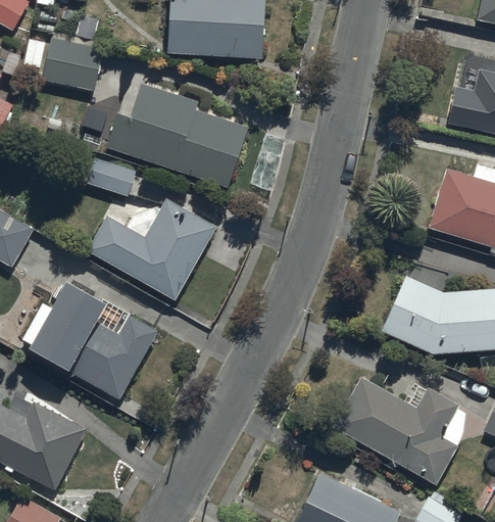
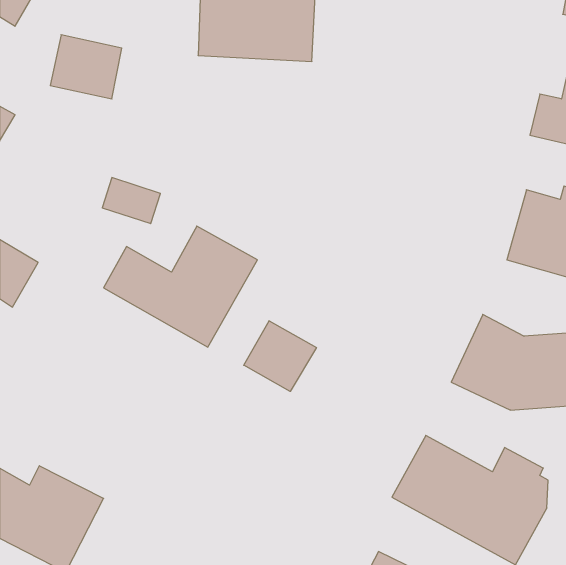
building: [105,84,248,187] -> none
building: none -> [244,321,316,391]
building: [30,284,160,400] -> none

